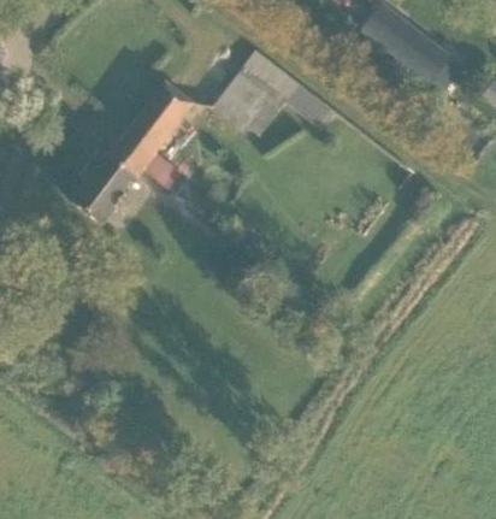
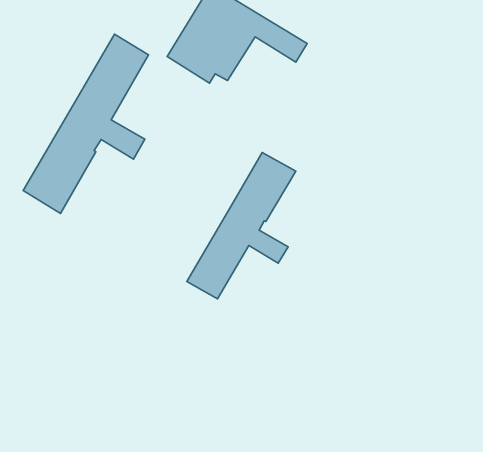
building: none -> [187,152,296,299]

